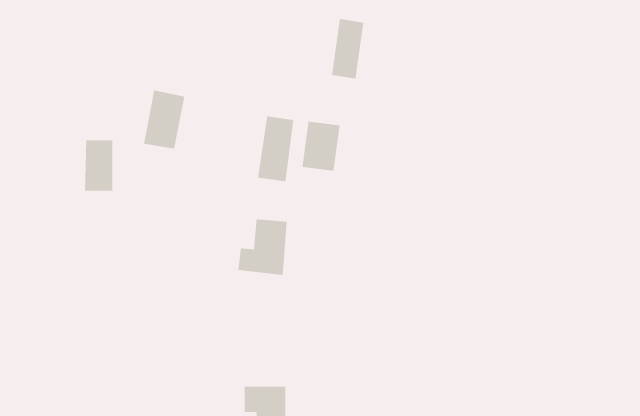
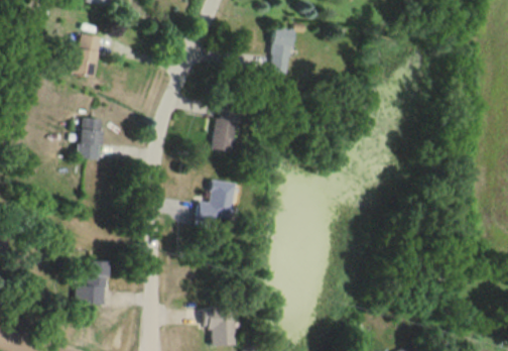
building: [143,90,185,149] -> [68,32,100,78]
building: [302,121,340,171] -> none
building: none -> [78,261,109,304]

